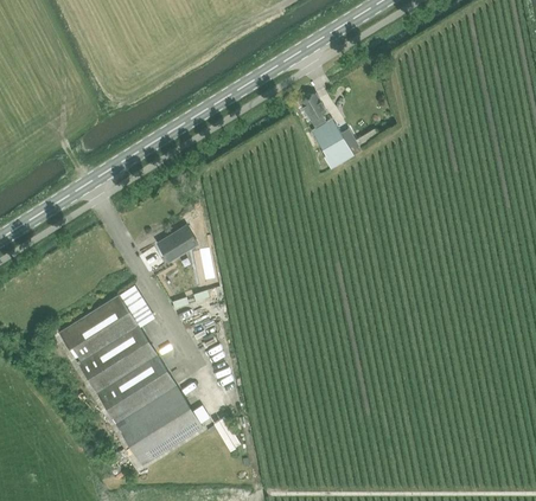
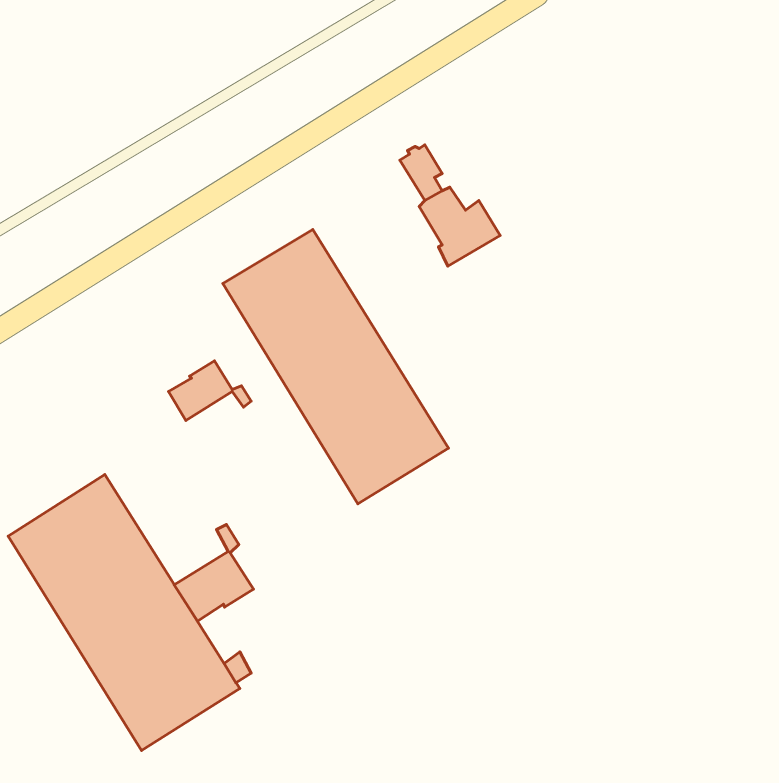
building: none -> [223,229,449,504]
building: none -> [174,525,254,621]

